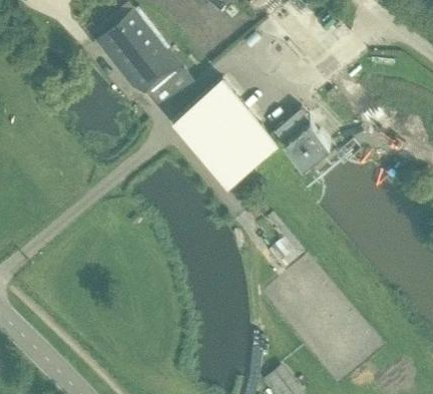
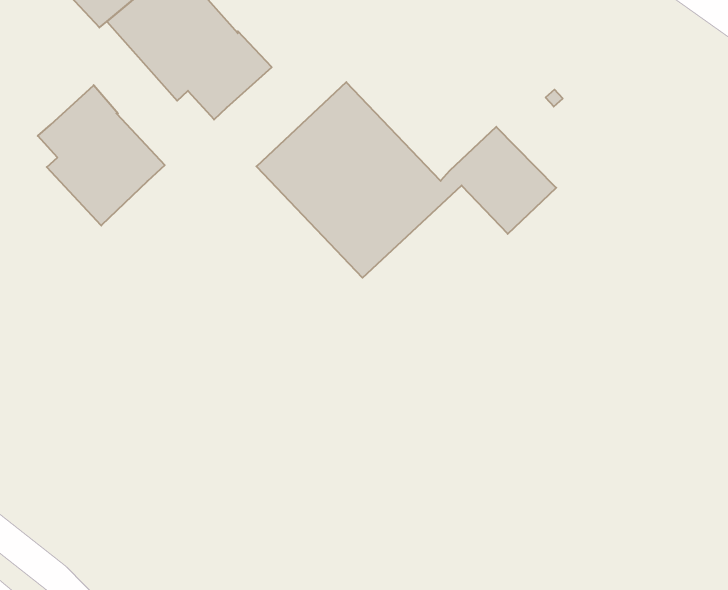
building: none -> [38,85,165,226]

